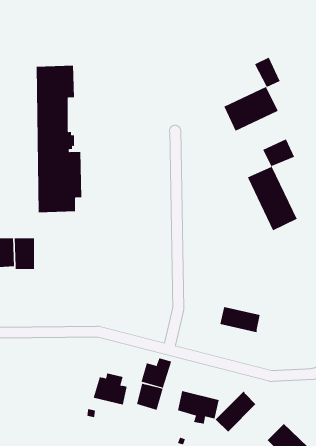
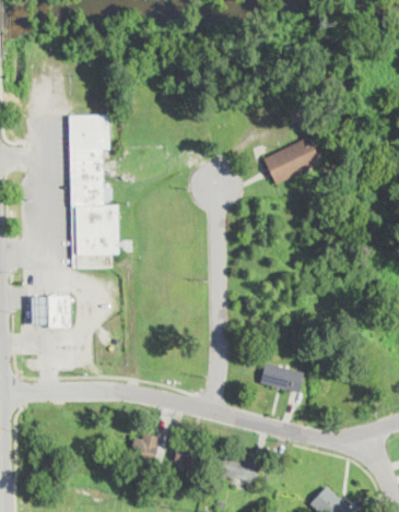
building: [248,138,297,231] -> none
building: [141,357,172,388] -> none
building: [215,391,256,433] -> none

